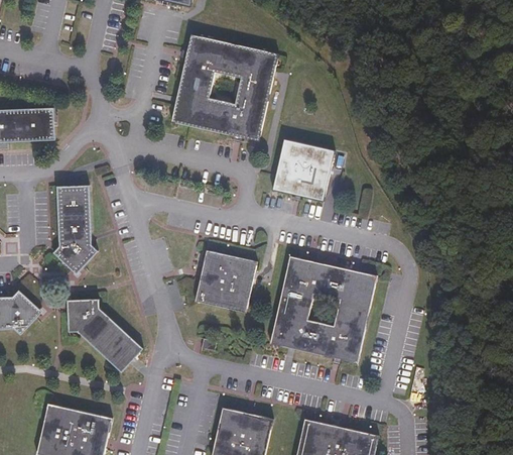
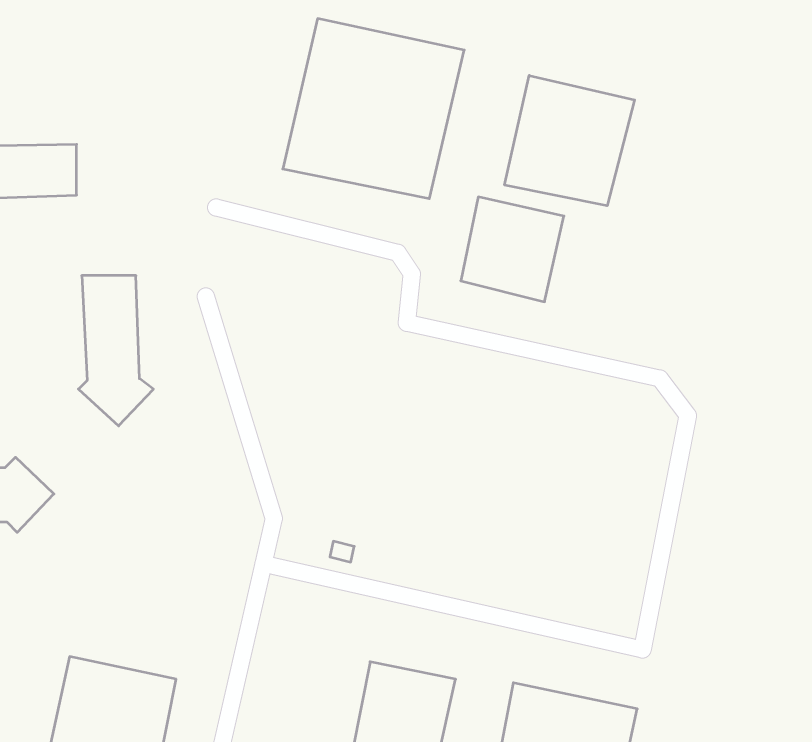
building: none -> [505,75,635,206]
building: [197,251,255,310] -> none
building: [272,257,375,359] -> none
building: [66,300,140,370] -> none

